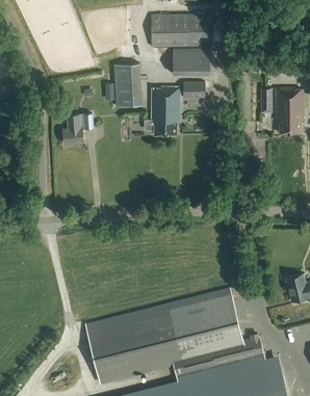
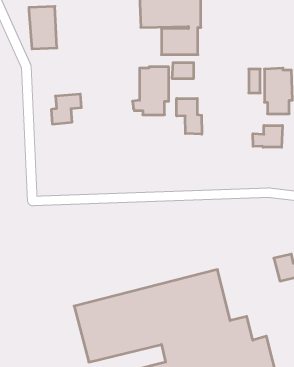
building: [113,63,141,106] -> [29,6,57,49]
building: none -> [177,98,202,134]
building: none -> [253,125,282,147]

